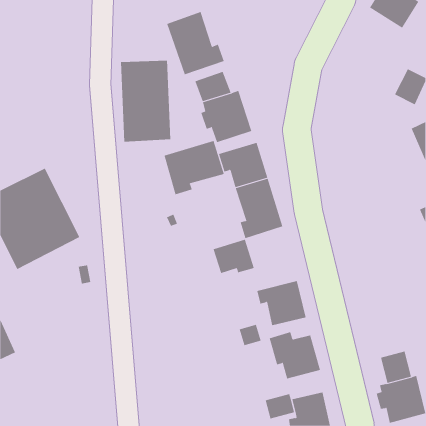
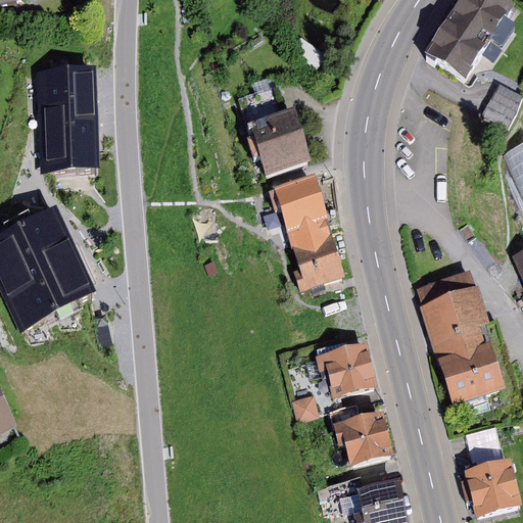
building: none -> [425,9,492,77]
building: [166,11,225,75] -> none
building: [120,60,171,142] -> [37,69,99,170]
building: [164,140,224,195] -> none
building: none -> [415,271,504,403]
building: [213,239,255,274] -> none

